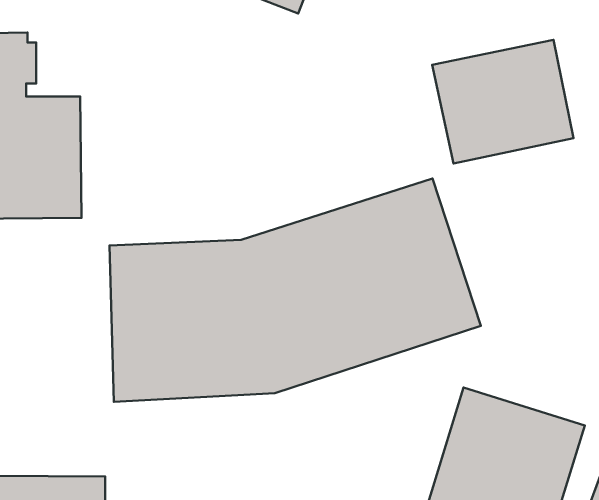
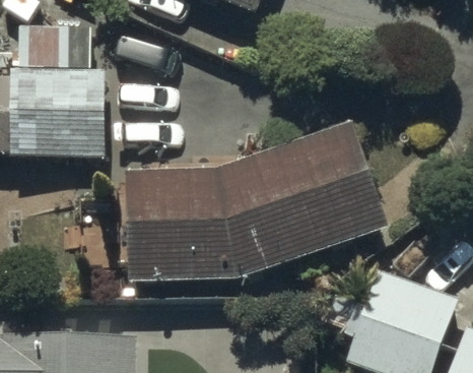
building: [432,40,573,163] -> none

